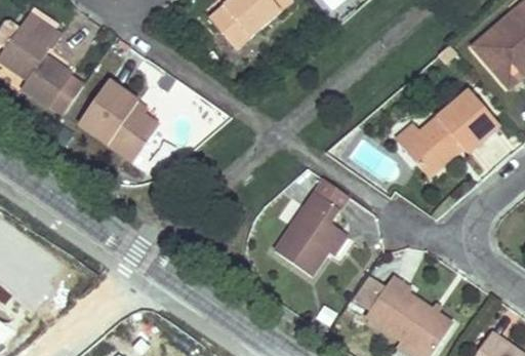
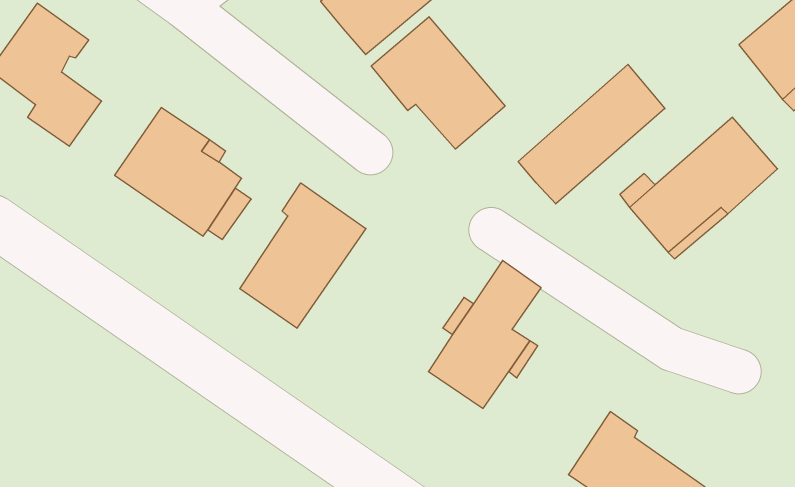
building: none -> [371,17,505,149]
building: none -> [518,64,665,204]
building: none -> [240,183,366,328]

